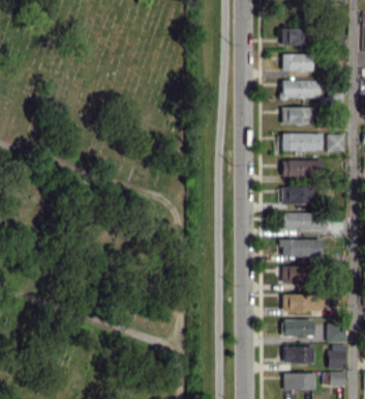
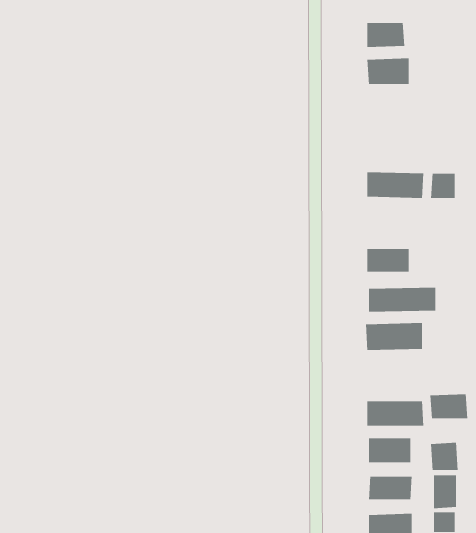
building: [283,80,321,97] -> none
building: [283,107,314,124] -> none
building: [283,160,324,177] -> none
building: [283,265,310,283] -> [430,394,468,419]

